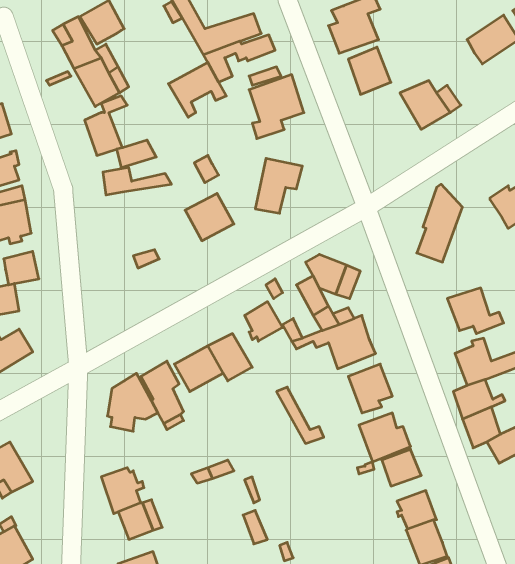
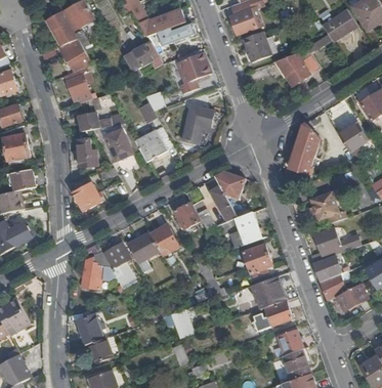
building: none -> [104,131,133,163]
building: none -> [78,140,96,167]
building: none -> [73,183,100,211]

